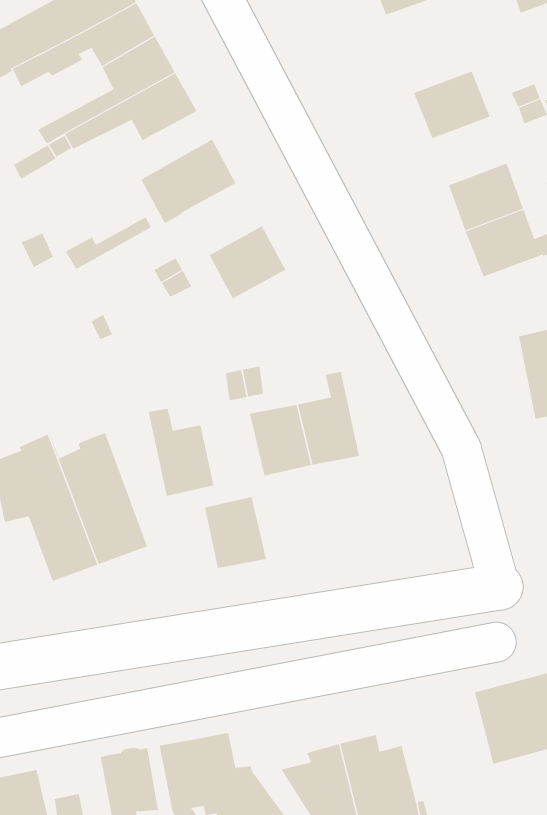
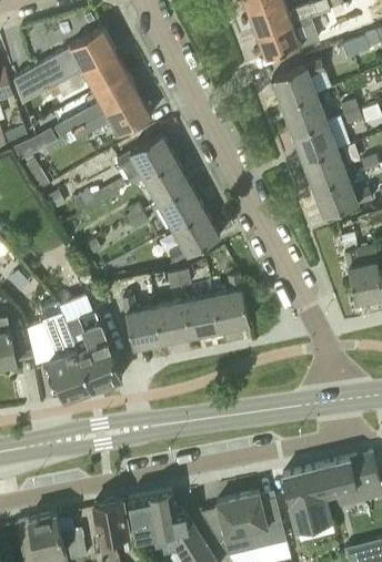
building: none -> [271,60,324,106]
building: none -> [292,121,338,162]
building: none -> [142,161,190,204]
building: none -> [169,213,219,264]
building: [204,496,267,568] -> [153,299,191,343]
building: none -> [282,467,332,530]

